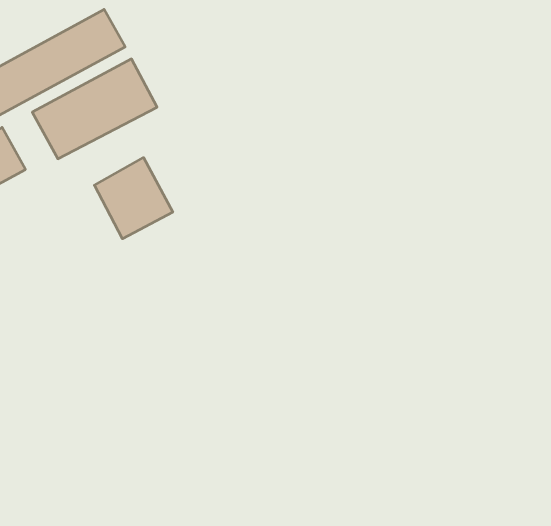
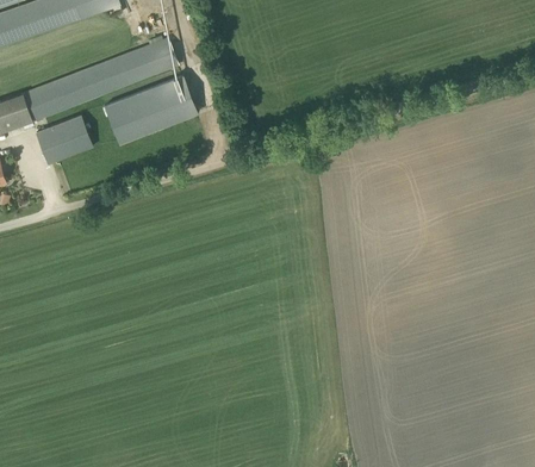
building: [94,158,173,239] -> none

